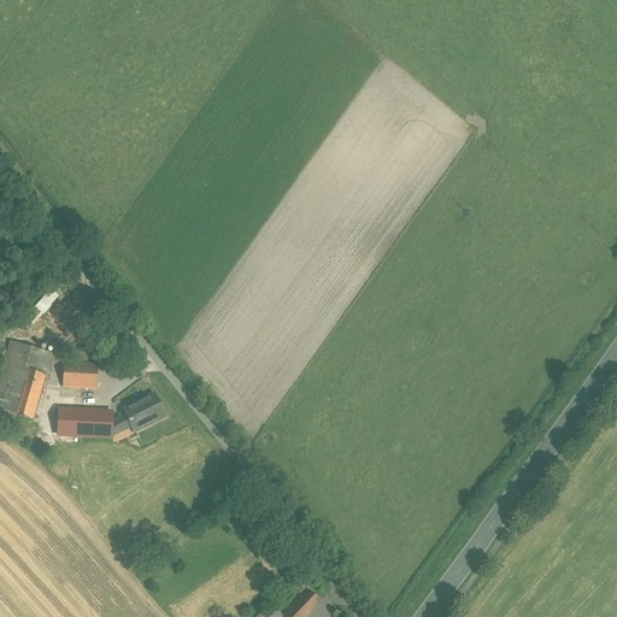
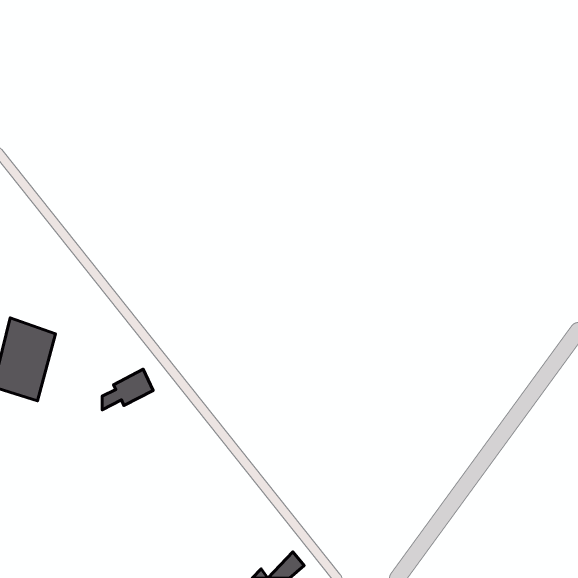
building: [60,362,99,387] -> none
building: [55,407,110,436] -> none

